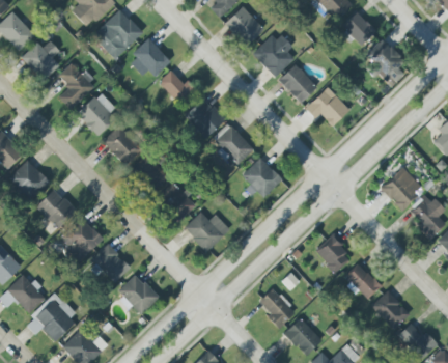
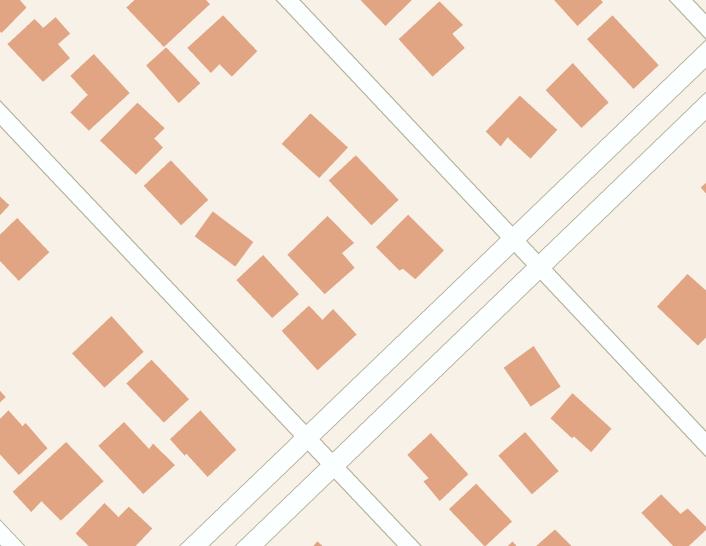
building: [279,63,317,103] -> [545,62,609,129]
building: [160,69,193,104] -> [145,46,201,104]
building: none -> [287,215,356,295]
building: [382,167,423,208] -> none
building: [36,188,77,228] -> none
building: none -> [98,421,176,495]
building: [372,290,410,329] -> [497,431,560,496]

